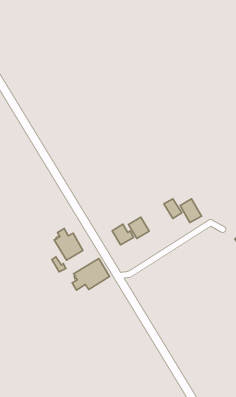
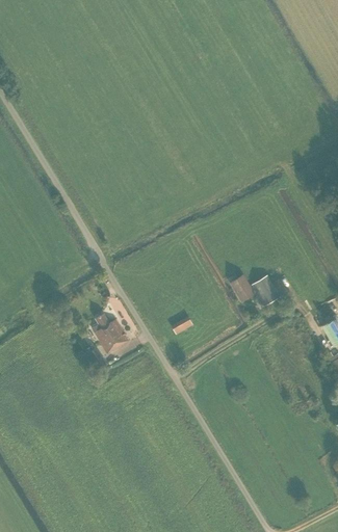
building: [128,217,149,239] -> none
building: [72,259,110,290] -> none

